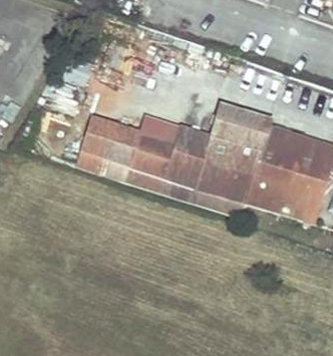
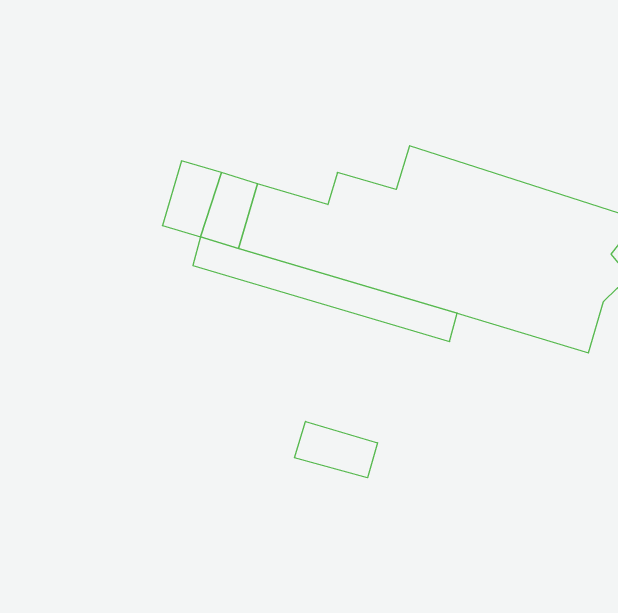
building: none -> [294,421,378,478]

